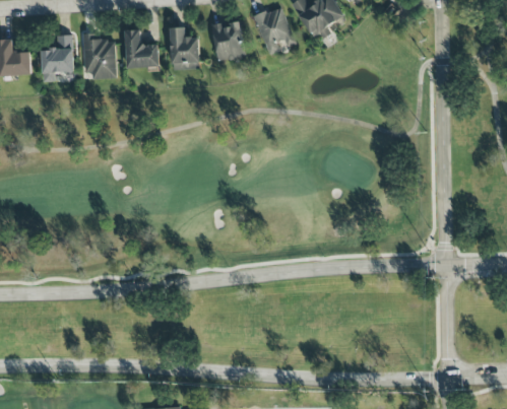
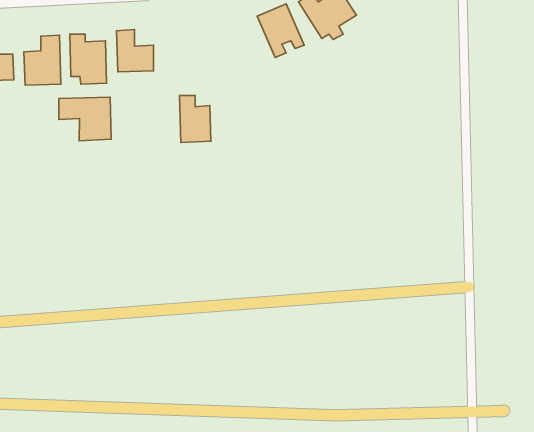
building: [212,20,244,59] -> none
building: [171,26,199,69] -> [180,96,211,142]
building: none -> [59,97,111,141]

